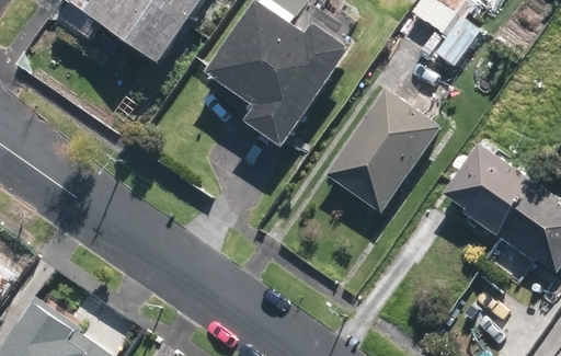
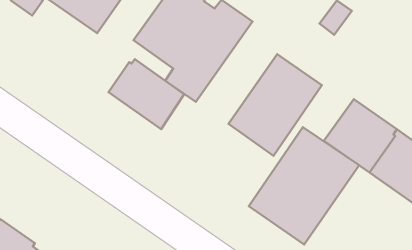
building: none -> [109,59,184,129]
building: none -> [249,127,359,245]

